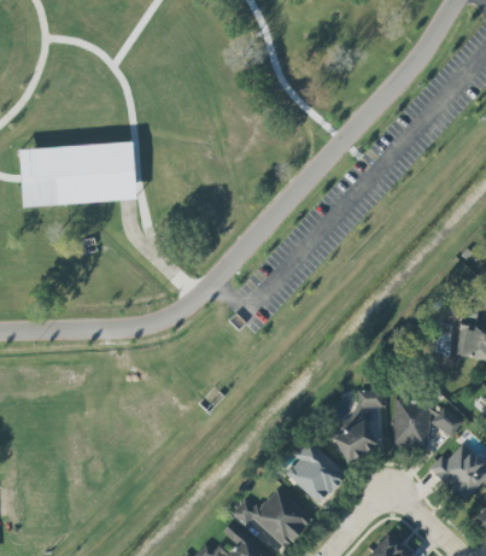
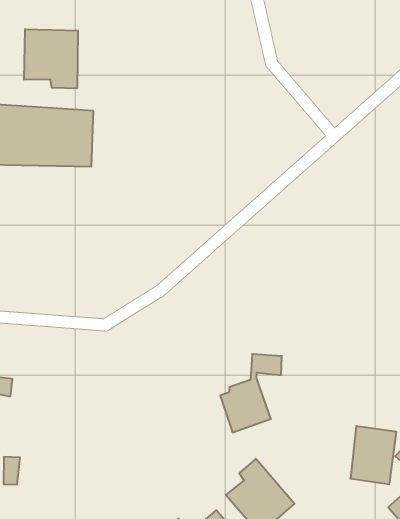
building: none -> [24,29,78,88]
building: [332,391,383,463] -> [220,354,282,432]

